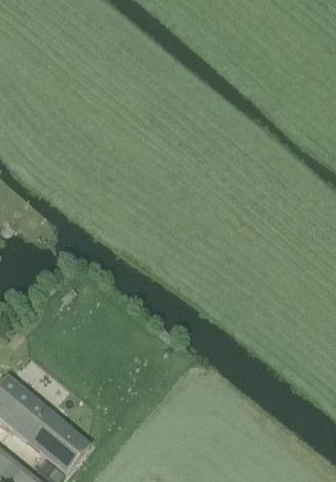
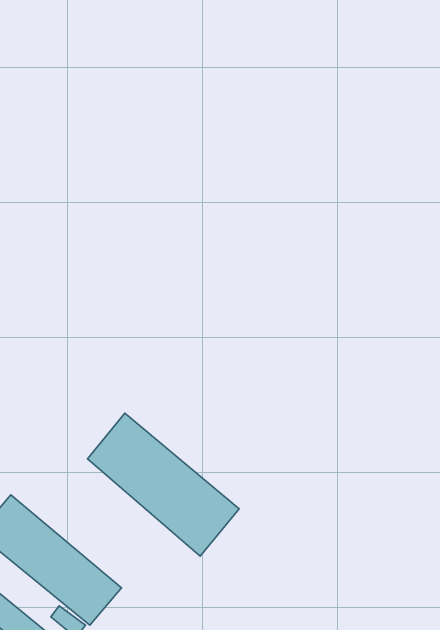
building: none -> [87,413,239,556]

